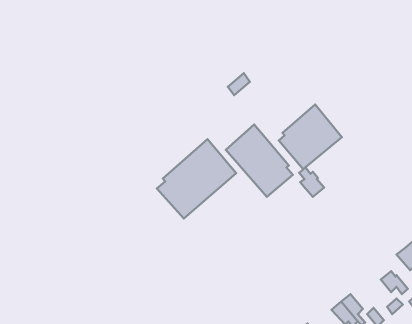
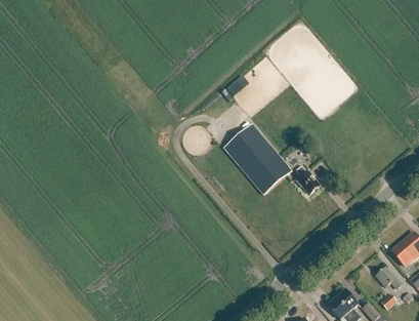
building: [279,105,342,169] -> none
building: [157,139,236,219] -> none

